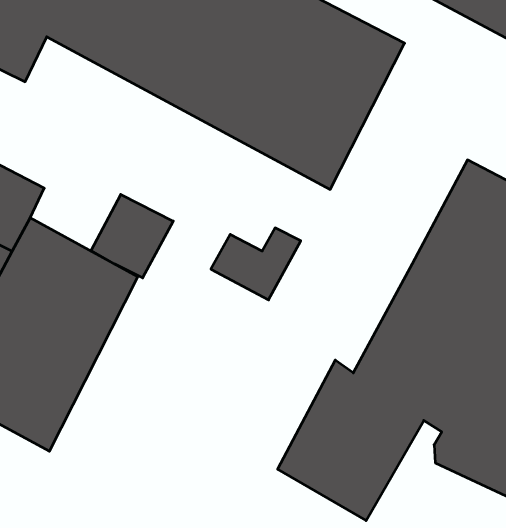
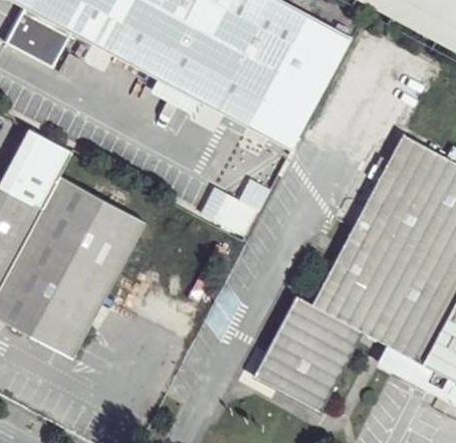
building: [91,194,173,278] -> none

